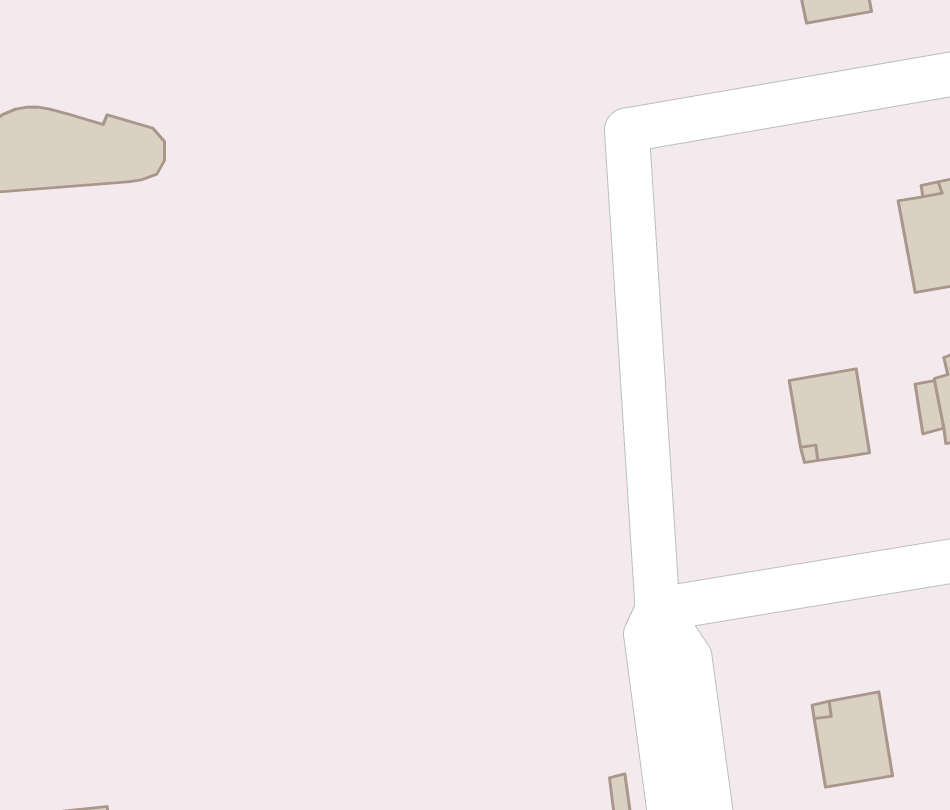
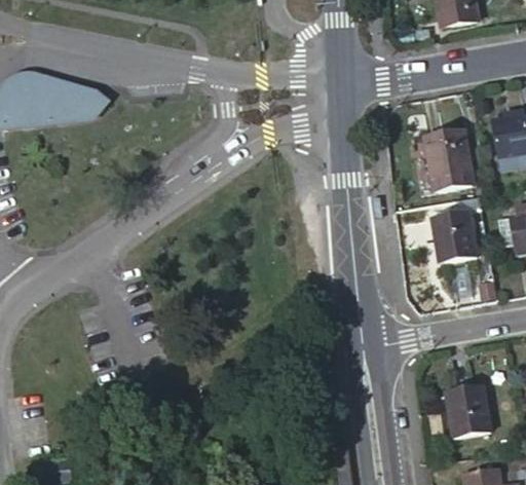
building: none -> [426,129,474,192]

